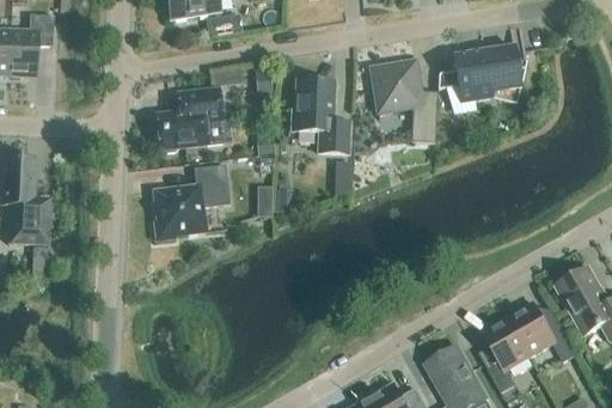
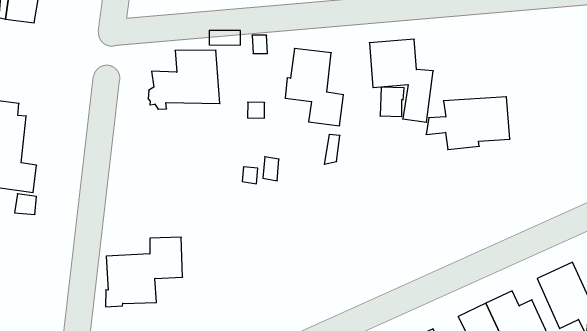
building: [437,44,521,102] -> [426,97,510,150]
building: [152,164,230,239] -> [106,237,183,307]

